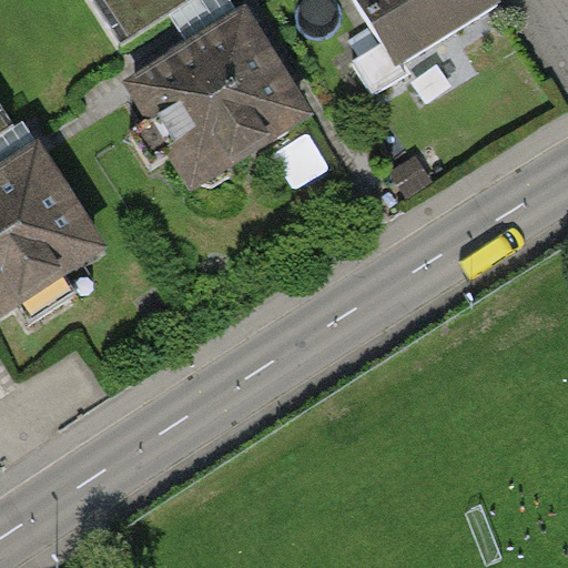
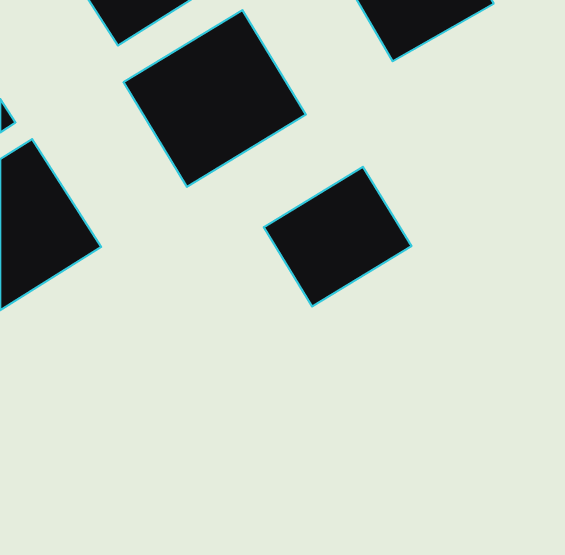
building: none -> [264,167,411,307]

